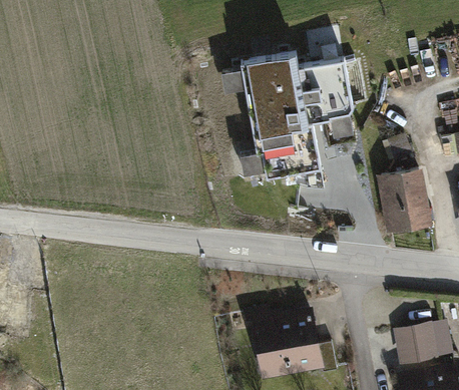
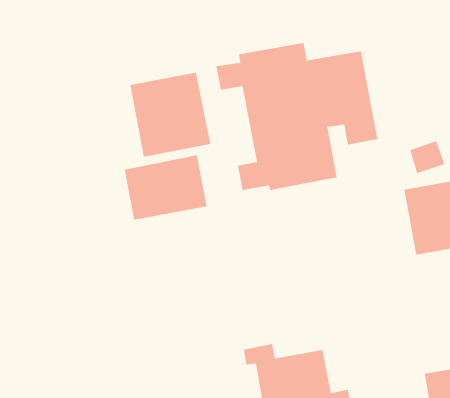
building: none -> [130,72,211,158]
building: none -> [124,155,207,220]

